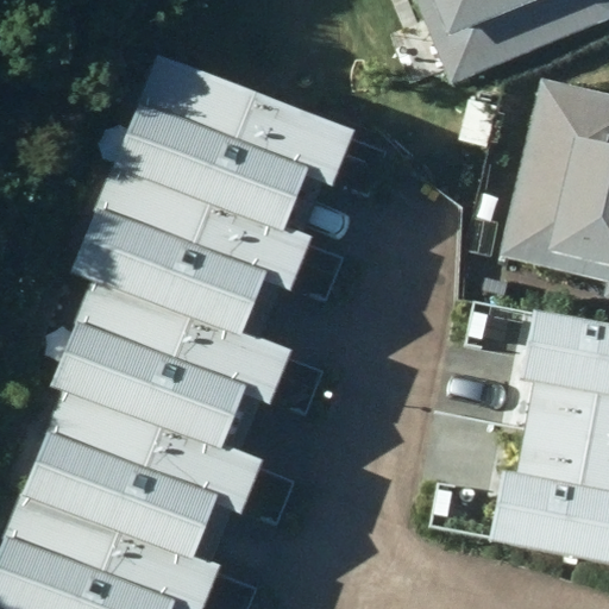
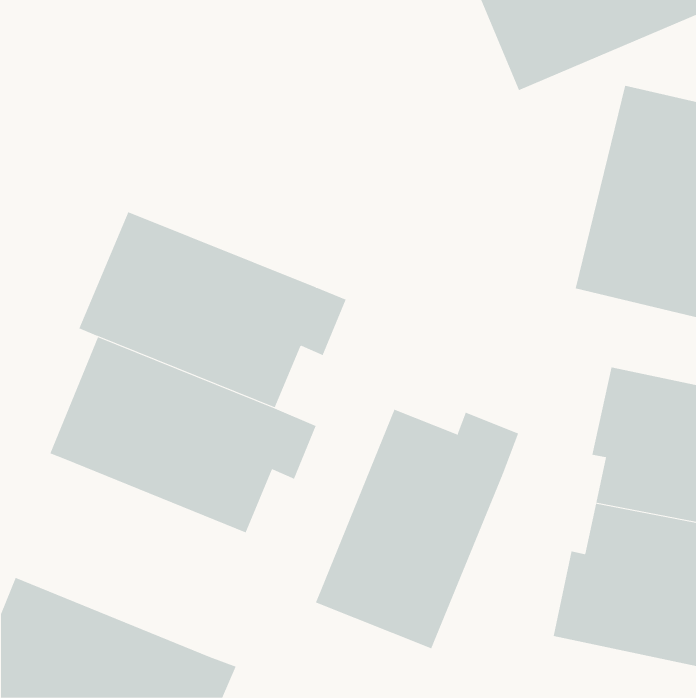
building: [109,57,350,249] -> none
building: none -> [315,409,519,649]
building: [19,397,250,569] -> none

